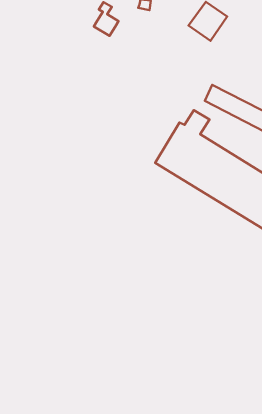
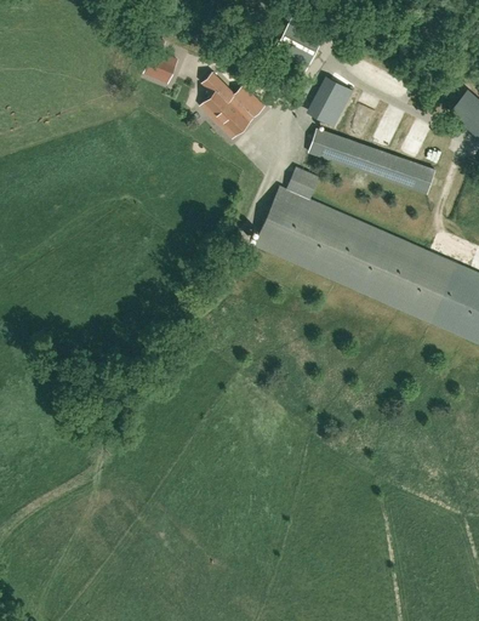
building: none -> [201,73,266,138]
building: none -> [307,76,354,127]

